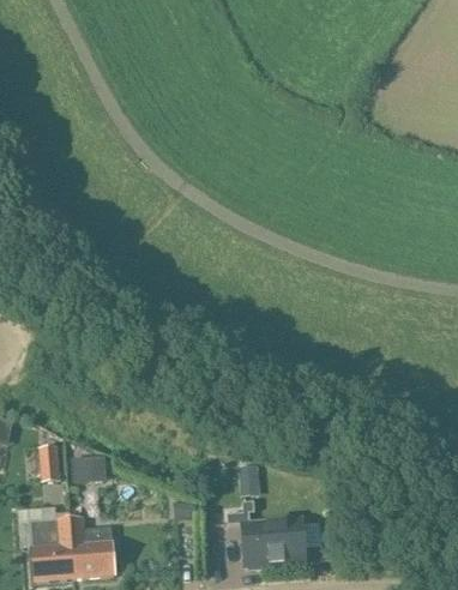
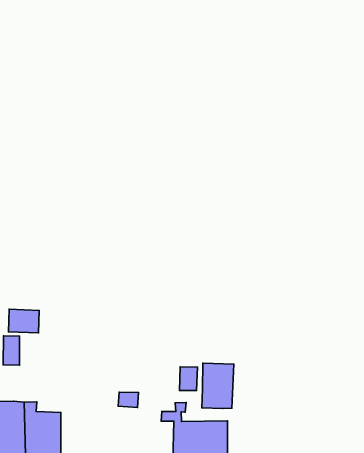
building: [72,452,107,478] -> [8,309,39,333]
building: none -> [202,363,234,409]

